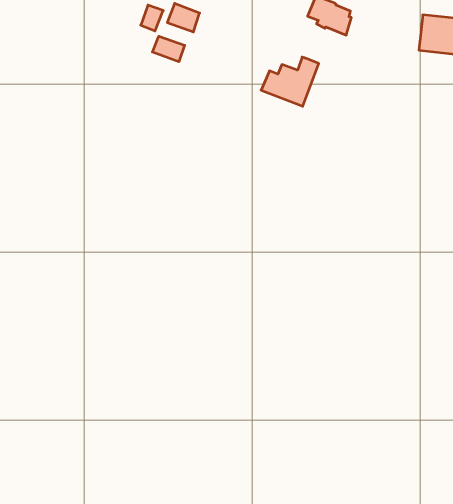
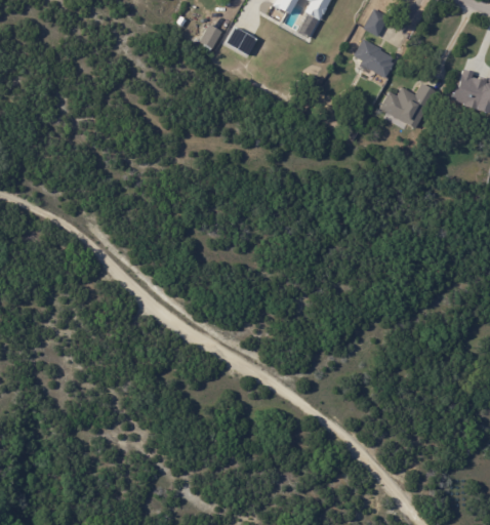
building: [152,36,185,62] -> none
building: [261,57,319,106] -> [380,84,437,129]

